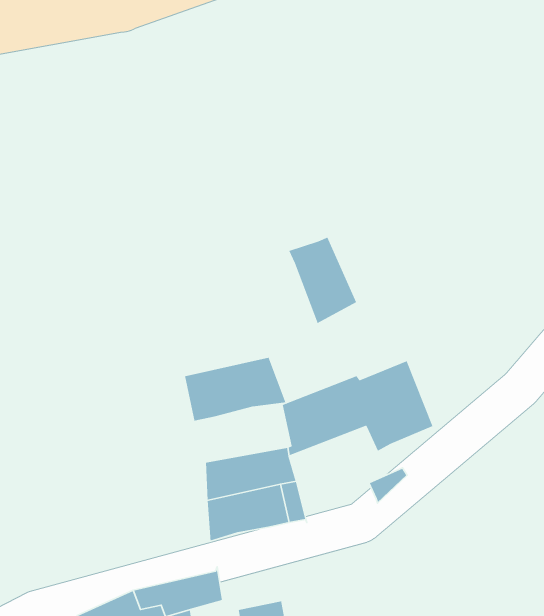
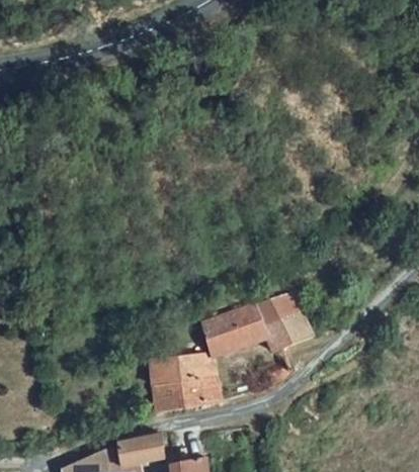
building: [288,237,357,324] -> none
building: [184,357,286,422] -> none

